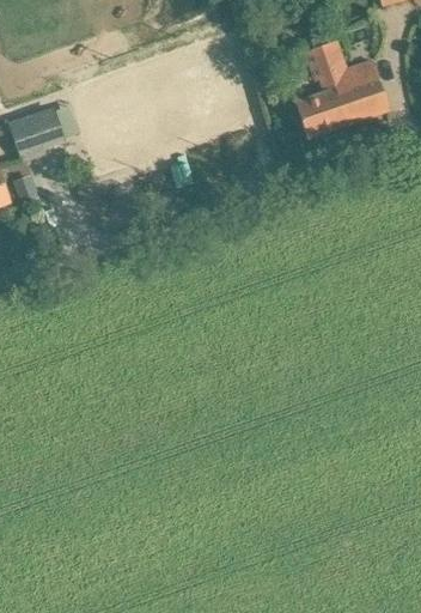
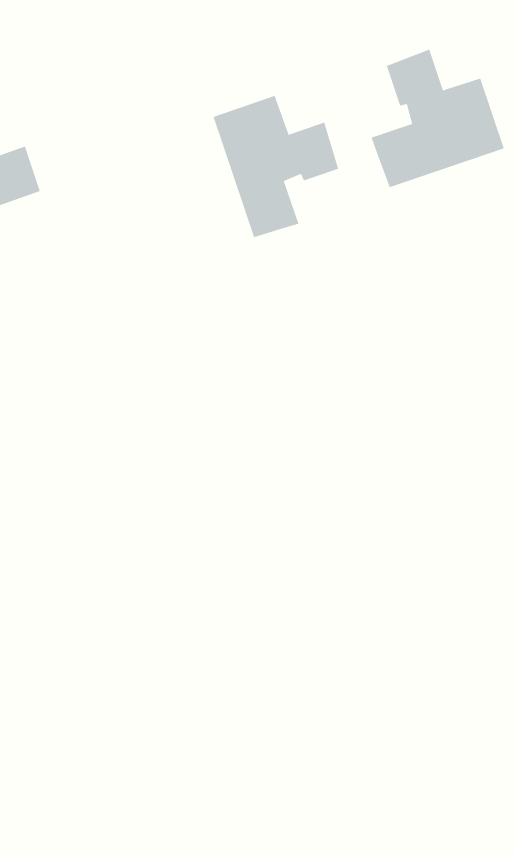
building: none -> [212,95,339,238]

